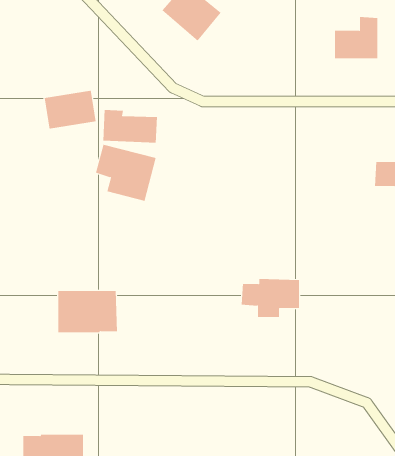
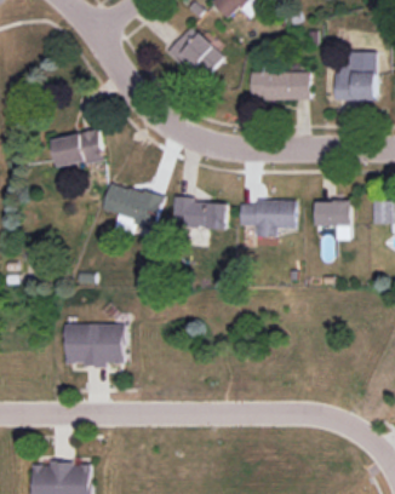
building: none -> [248,70,309,99]
building: [103,109,158,143] -> [171,195,224,228]
building: none -> [313,200,350,239]
building: [241,279,300,317] -> [237,199,294,236]

